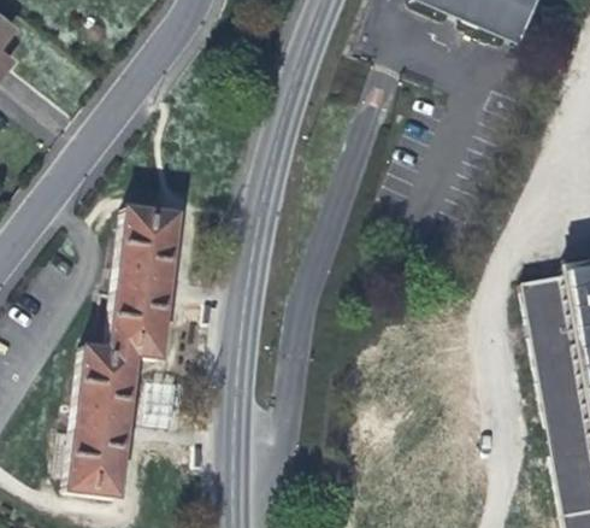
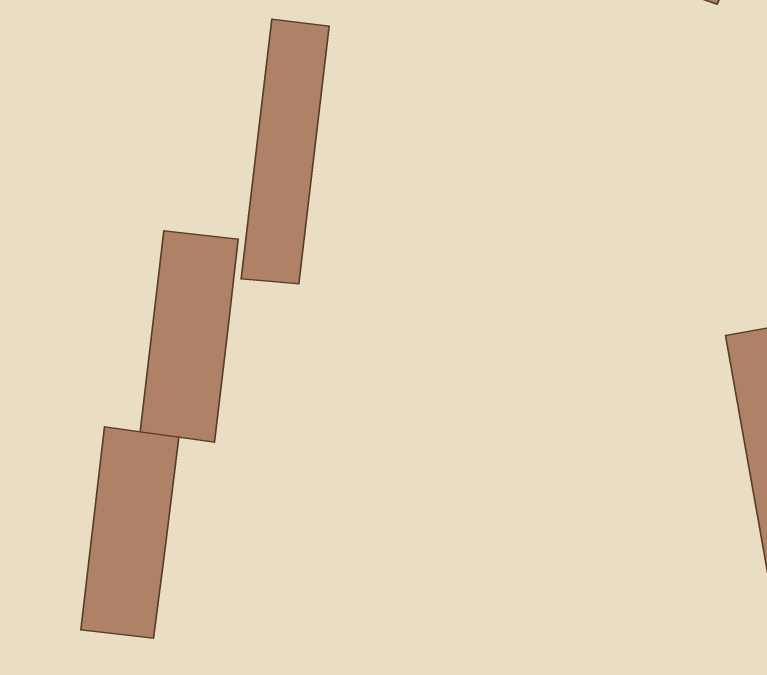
building: none -> [241,19,329,284]

